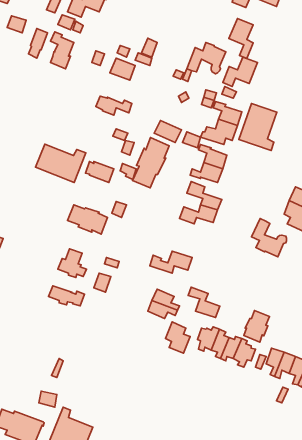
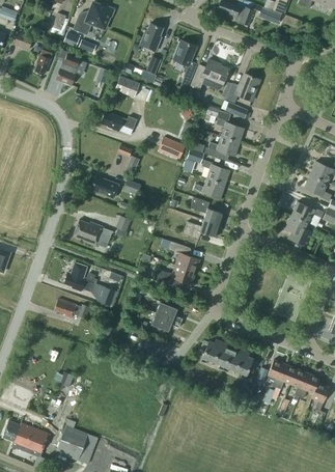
building: none -> [139,23,163,51]
building: [229,19,253,59] -> [173,39,197,79]
building: [239,104,277,150] -> none
building: [132,138,169,188] -> none
building: [36,144,86,183] -> none
building: [251,218,287,257] -> none
building: [188,287,220,318] -> [168,241,199,271]
building: [244,310,270,342] -> none
building: [166,322,190,353] -> none

